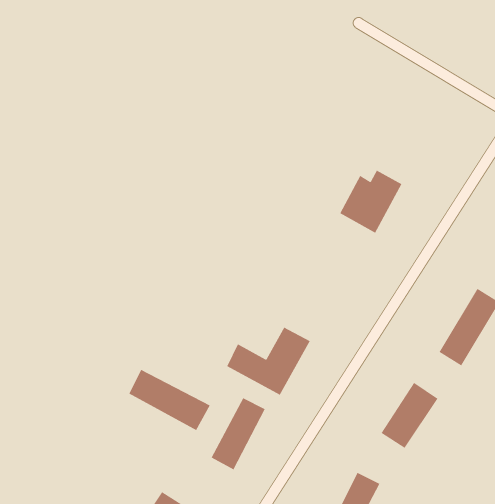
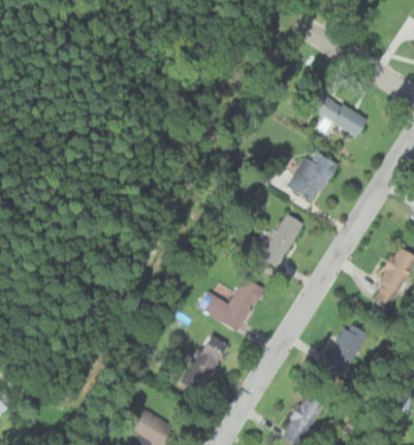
building: none -> [317,96,370,136]
building: none -> [263,213,304,266]
building: [128,369,211,431] -> none

